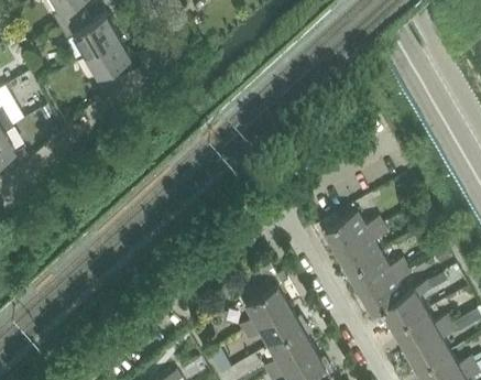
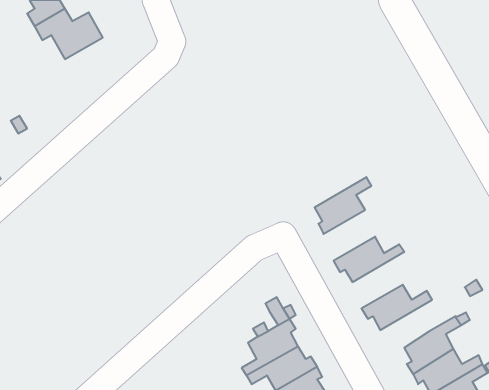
building: [86,39,131,97] -> none
building: [337,226,386,275] -> [315,177,371,234]
building: [361,268,411,317] -> none

